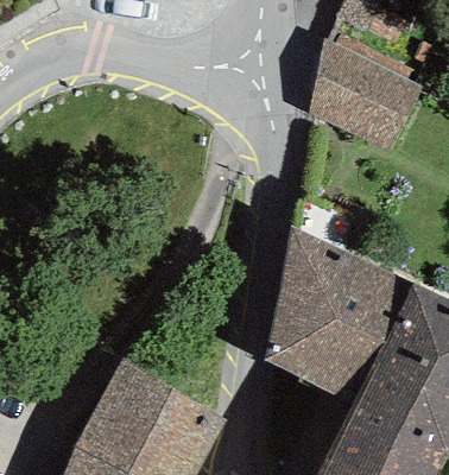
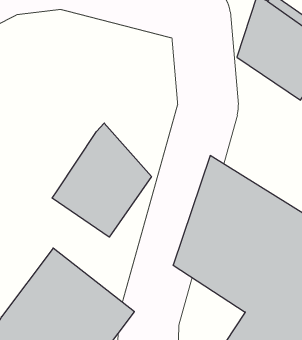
building: none -> [52,123,151,237]

